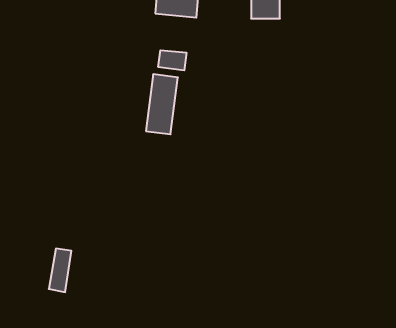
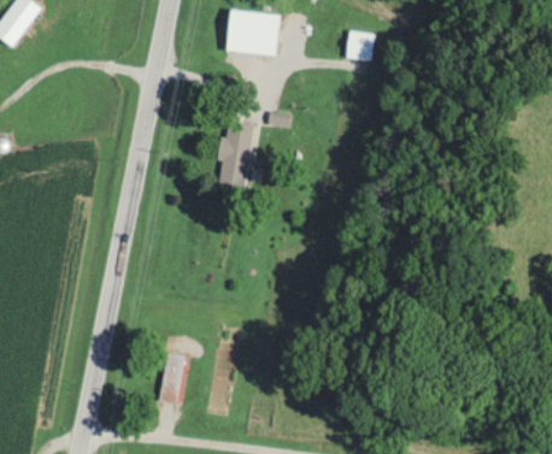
building: [158,50,186,70] -> none
building: [49,249,71,292] -> [159,352,186,402]

